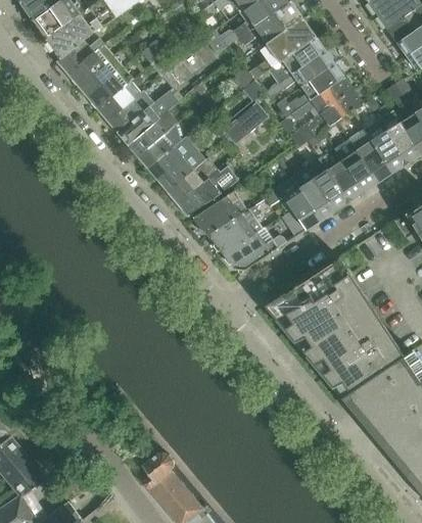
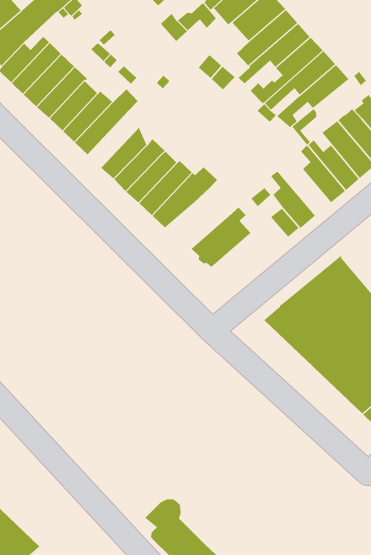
building: [227,106,266,143] -> none
building: [128,110,179,156] -> none
building: [292,168,335,220] -> none
building: [193,190,247,236] -> none
building: [225,228,289,271] -> none

